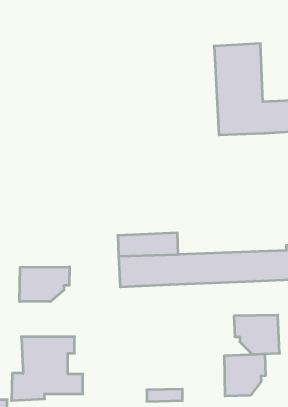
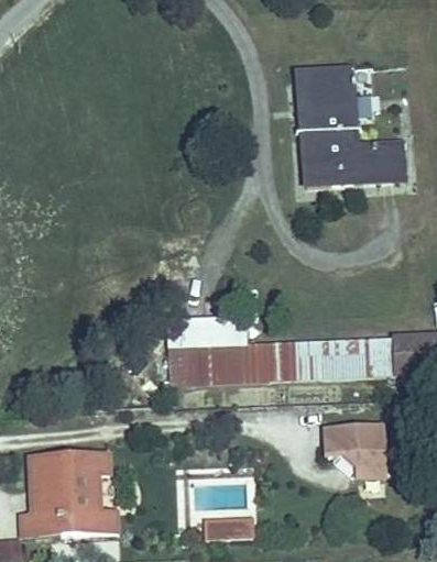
building: [20,267,70,302] -> none
building: [224,354,265,396] -> none

